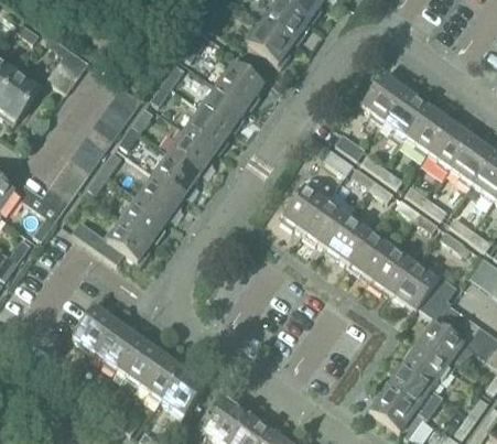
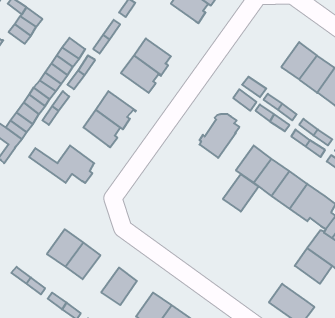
building: [216,54,263,109] -> none
building: [361,74,406,120] -> none
building: [170,128,219,174] -> none
building: [122,195,169,241] -> none
building: [305,202,349,248] -> [223,174,259,212]
building: [72,305,116,351] -> none
building: [138,353,183,399] -> none
building: [385,366,441,418] -> none

